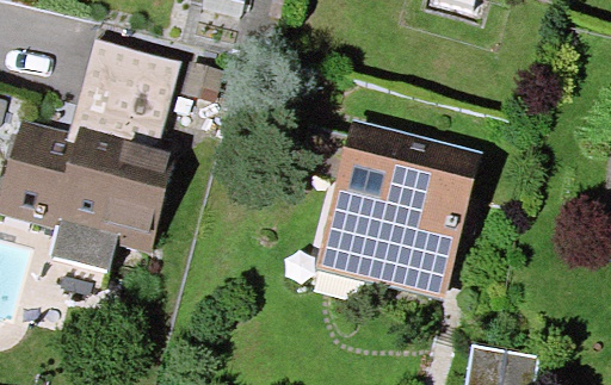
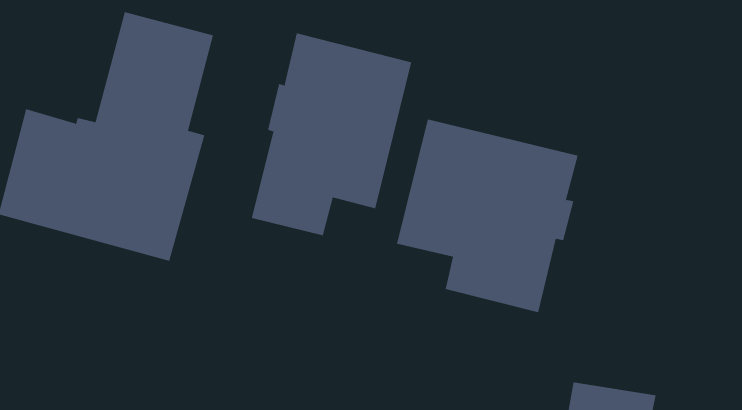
building: none -> [251,32,412,236]

